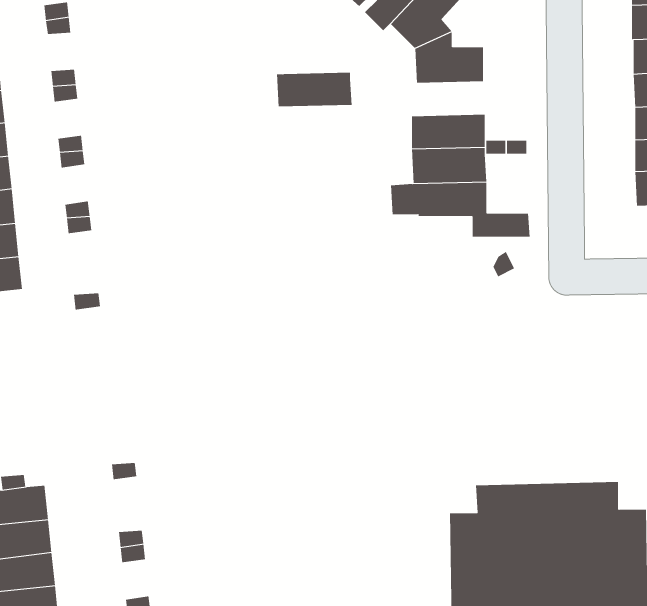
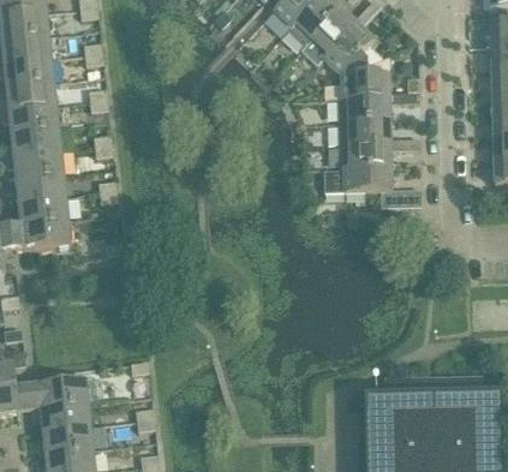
building: [276,72,352,107] -> [337,98,390,123]

